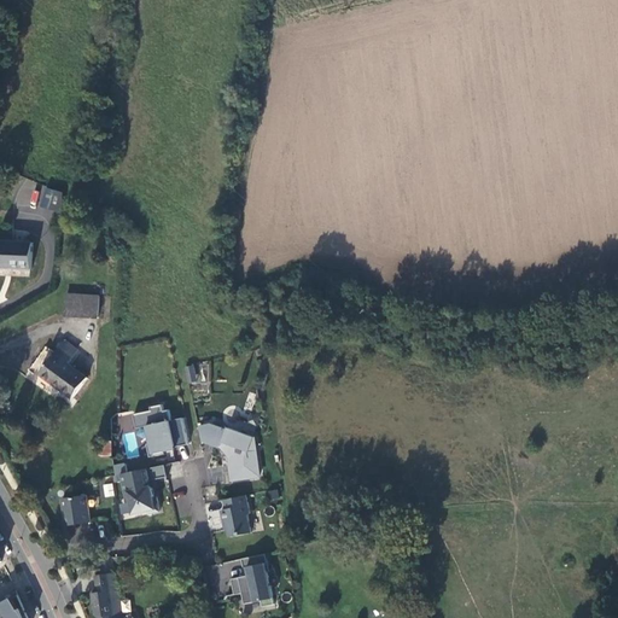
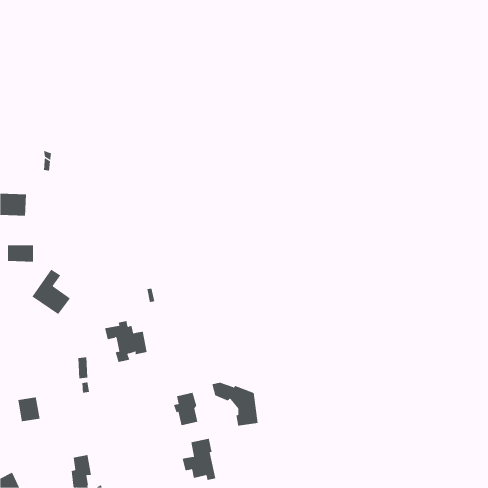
building: [64,296,98,317] -> [7,245,34,262]
building: [198,424,257,479] -> [212,382,258,426]
building: [117,466,164,515] -> none
building: [58,496,87,527] -> [17,397,40,422]

